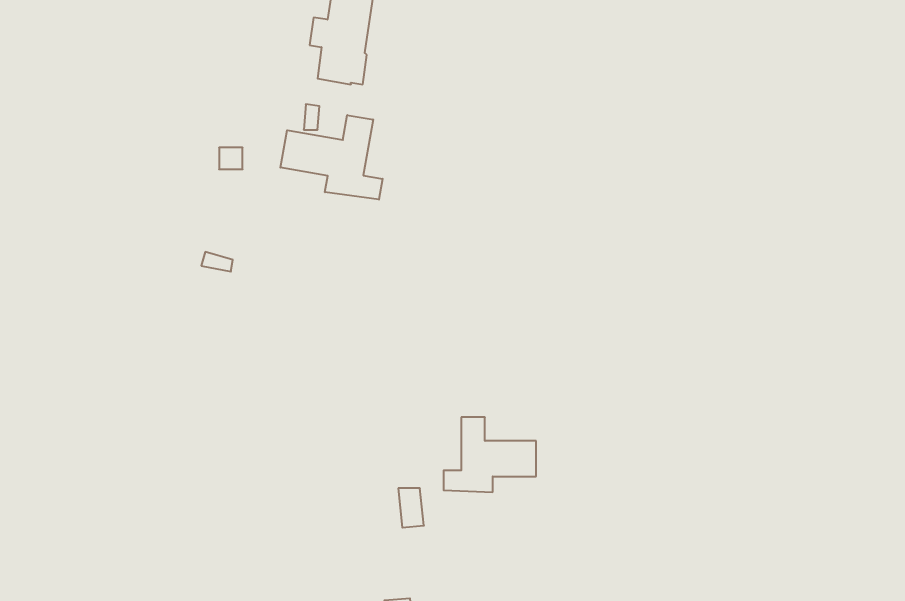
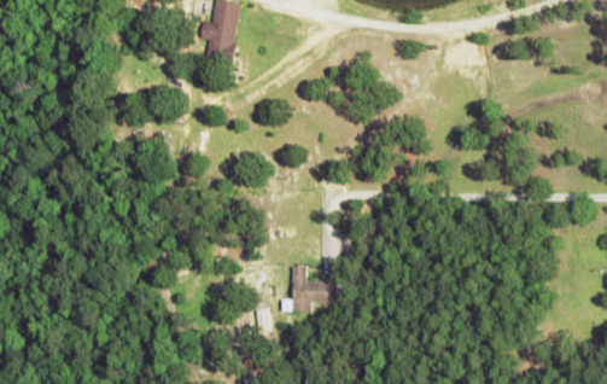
building: [280,115,383,200] -> none

